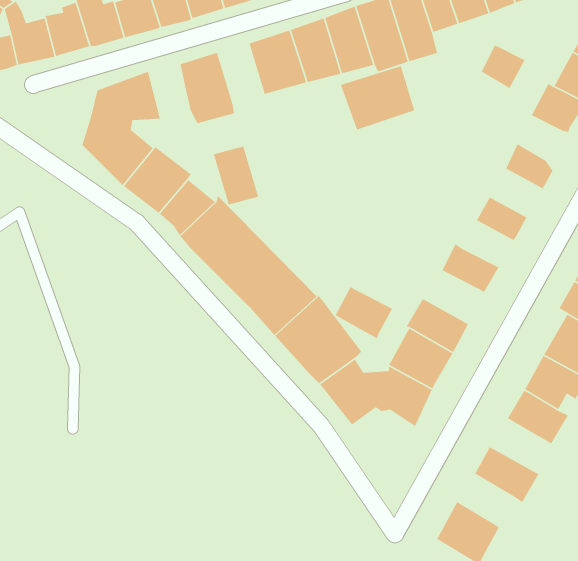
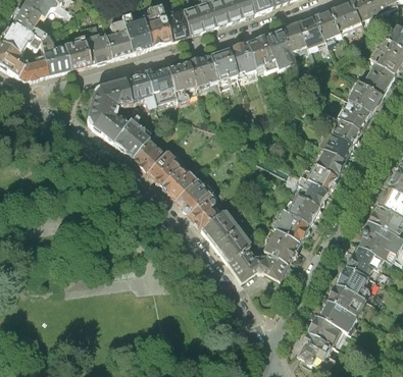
building: [481,44,525,89] -> [344,101,370,127]
building: none -> [125,70,150,103]
building: [340,65,415,131] -> none
building: [213,145,259,206] -> [166,58,194,94]
building: none -> [328,132,359,161]
building: none -> [311,163,342,191]
building: [335,286,393,339] -> [290,193,324,224]
building: none -> [328,280,364,312]
building: none -> [308,313,341,342]

